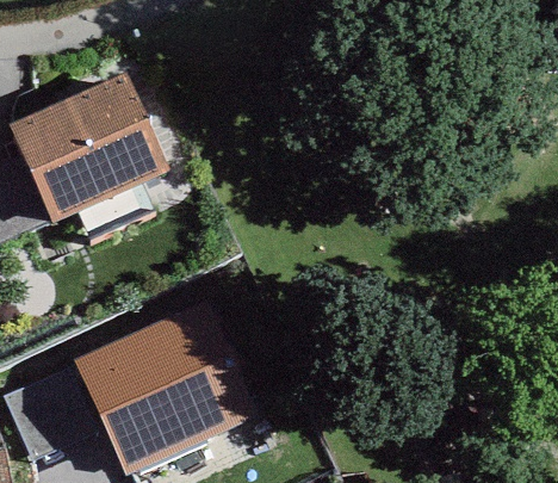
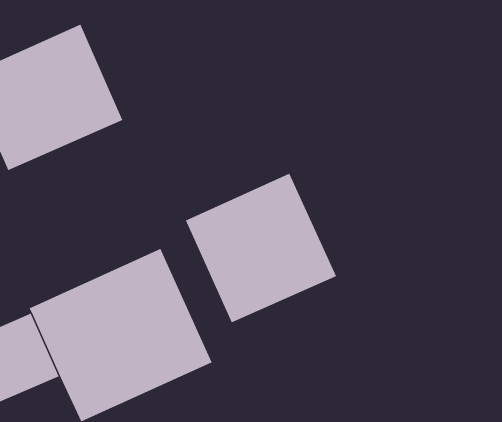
building: none -> [185,173,337,323]

